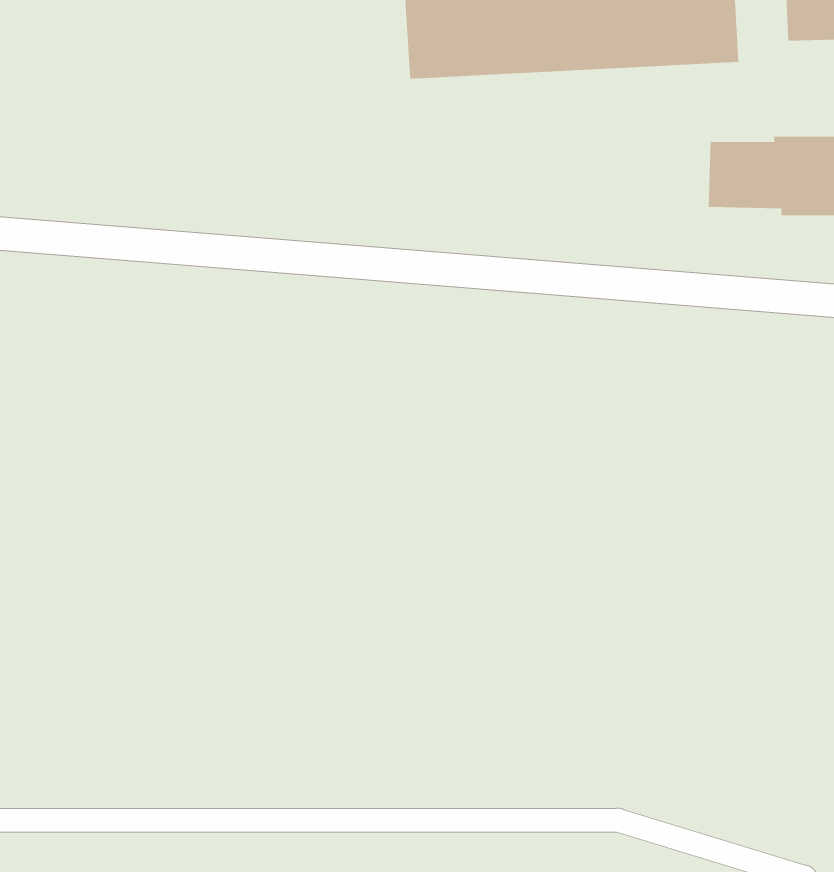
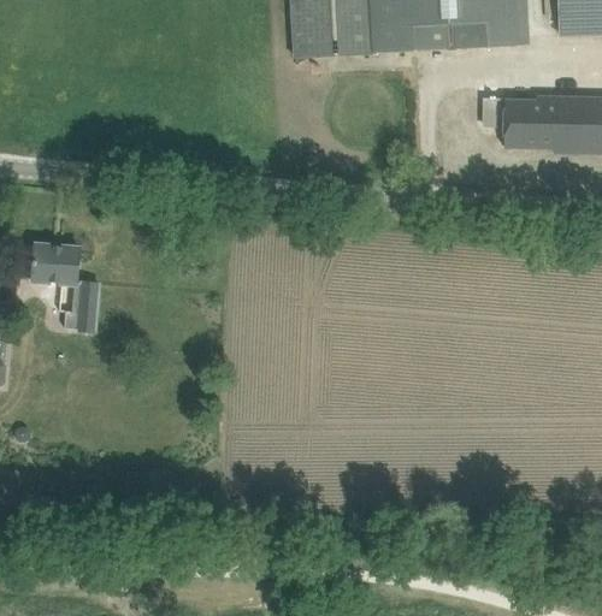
building: none -> [31,244,98,332]

